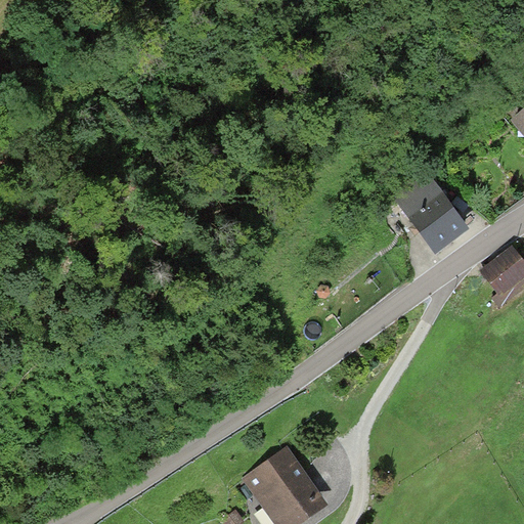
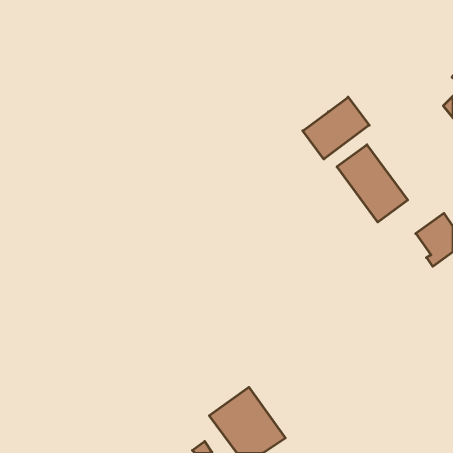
building: none -> [303,97,369,159]

